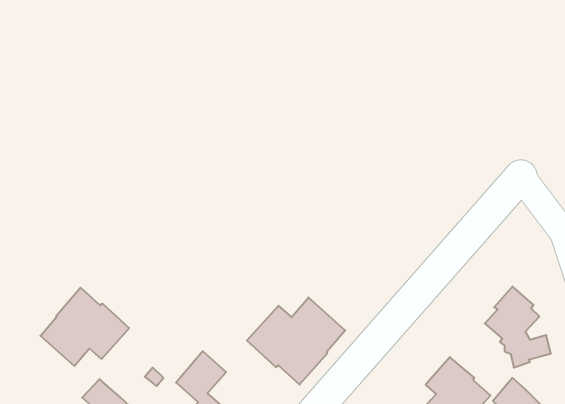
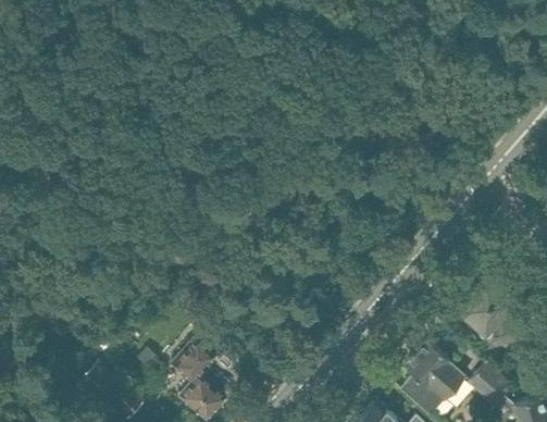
building: [40,288,129,366] -> none
building: [247,297,345,385] -> none

